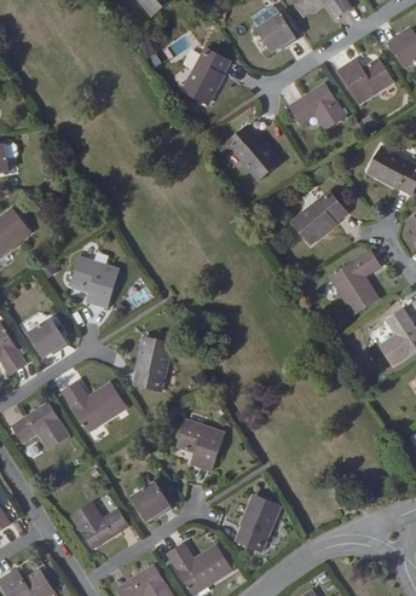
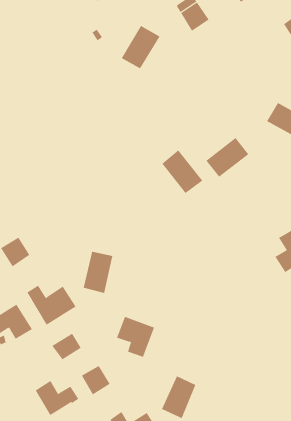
building: [339,58,394,103] -> none
building: [290,85,347,131] -> none
building: [227,122,281,179] -> [162,150,203,194]
building: [329,249,381,314] -> none
building: [71,256,120,308] -> none
building: none -> [52,333,82,360]

